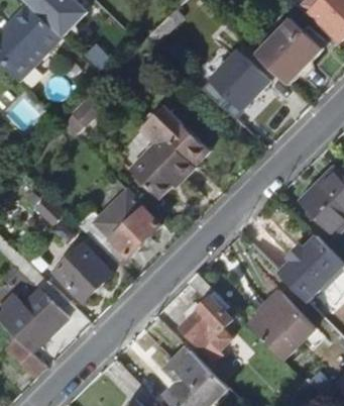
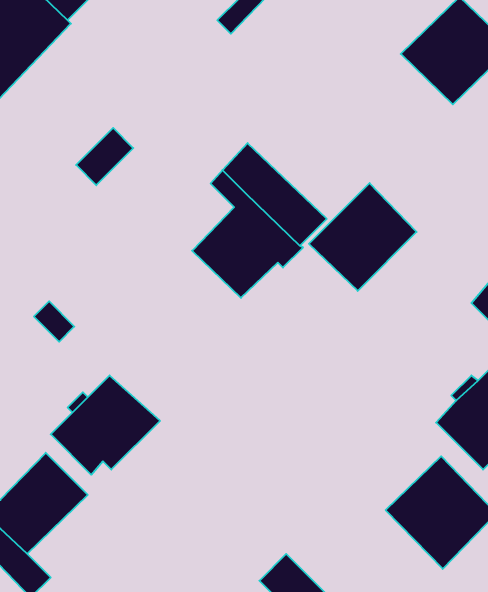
building: [204,50,268,115] -> [309,183,417,291]
building: [74,188,160,265] -> none
building: [176,276,227,350] -> none

